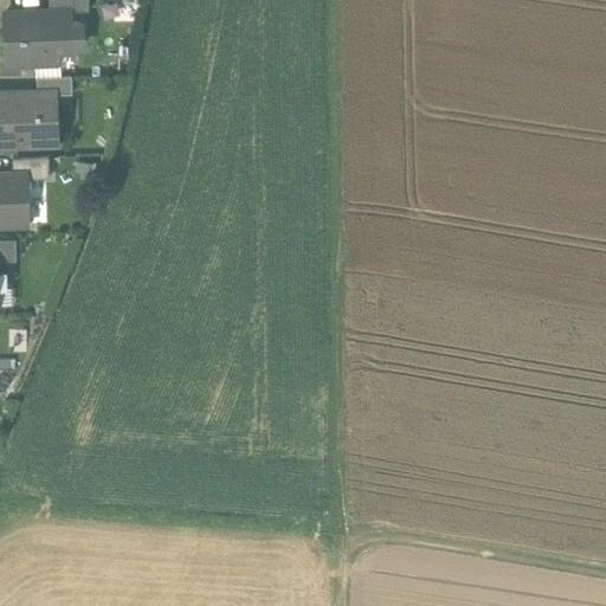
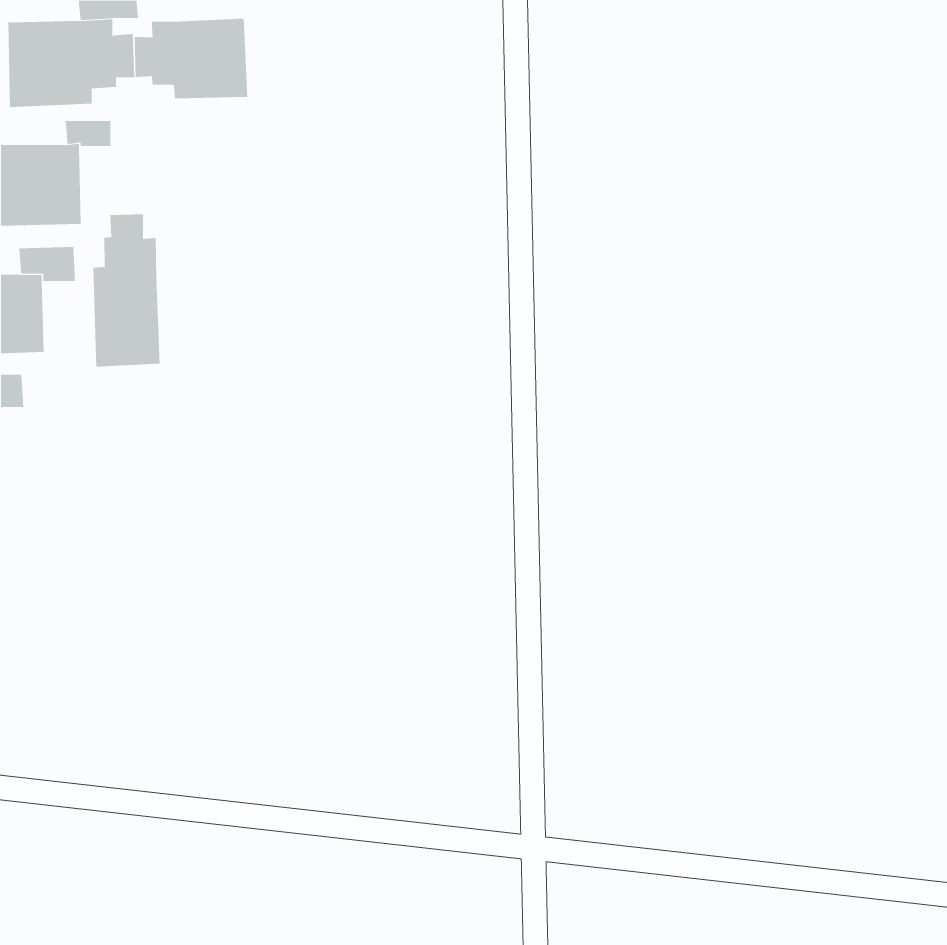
building: none -> [134,18,248,99]
building: none -> [93,214,160,368]

